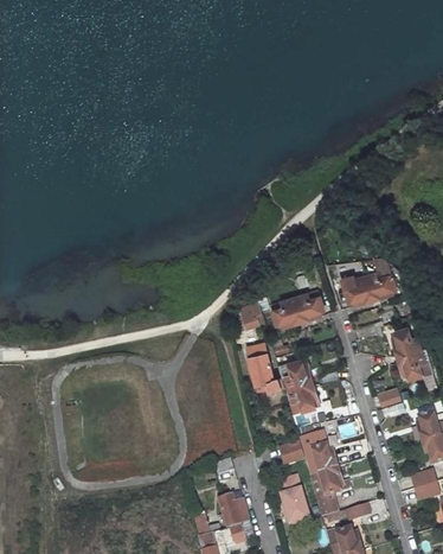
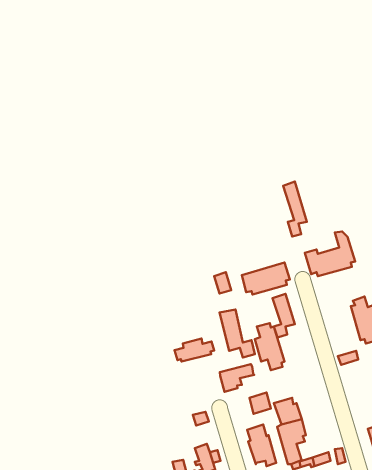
building: none -> [283,181,307,236]
building: none -> [273,294,295,337]
building: none -> [174,339,214,362]
building: none -> [220,364,254,392]

